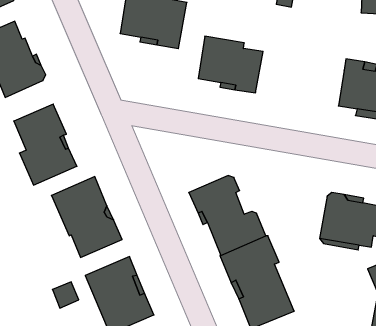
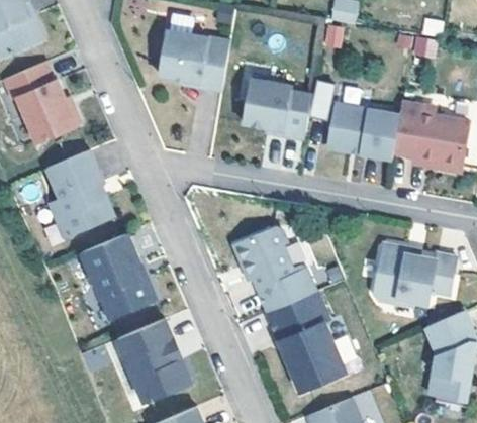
building: none -> [326,99,398,160]

